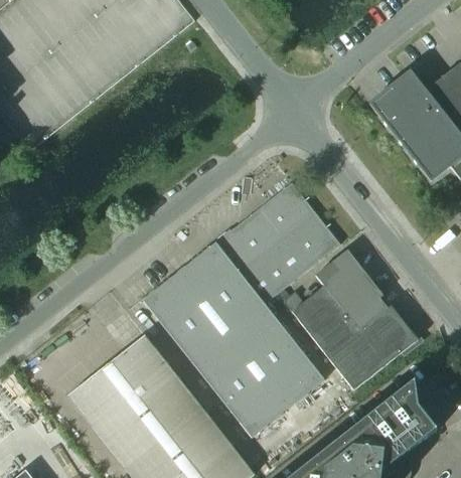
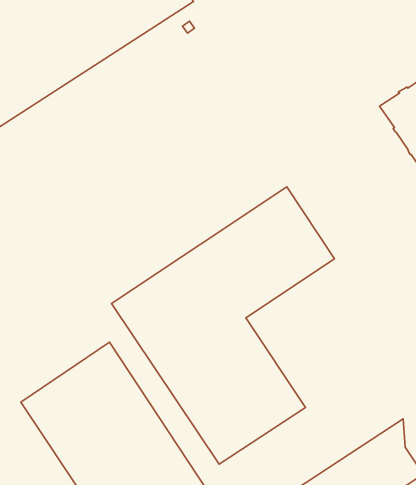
building: [283,250,417,389] -> none

